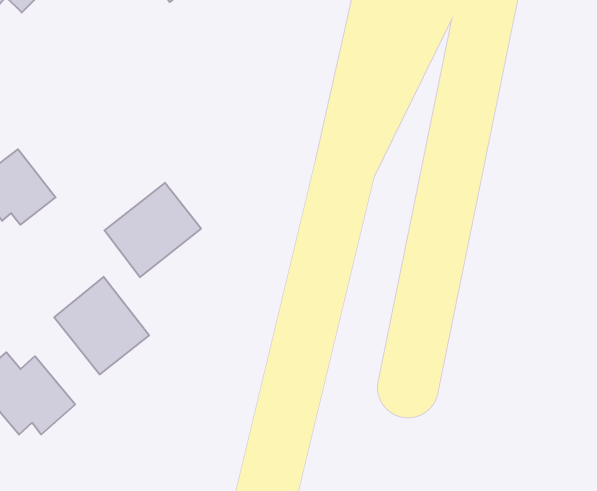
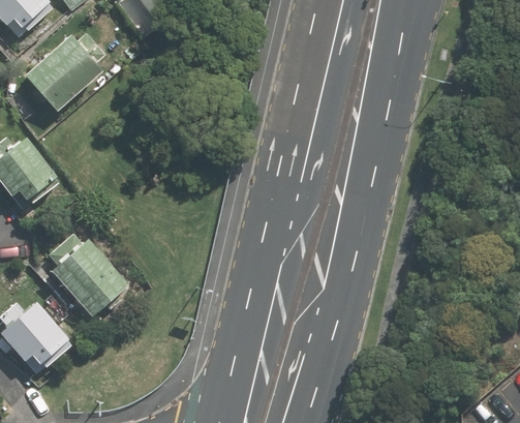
building: none -> [25,36,100,111]
building: [104,183,201,277] -> none

